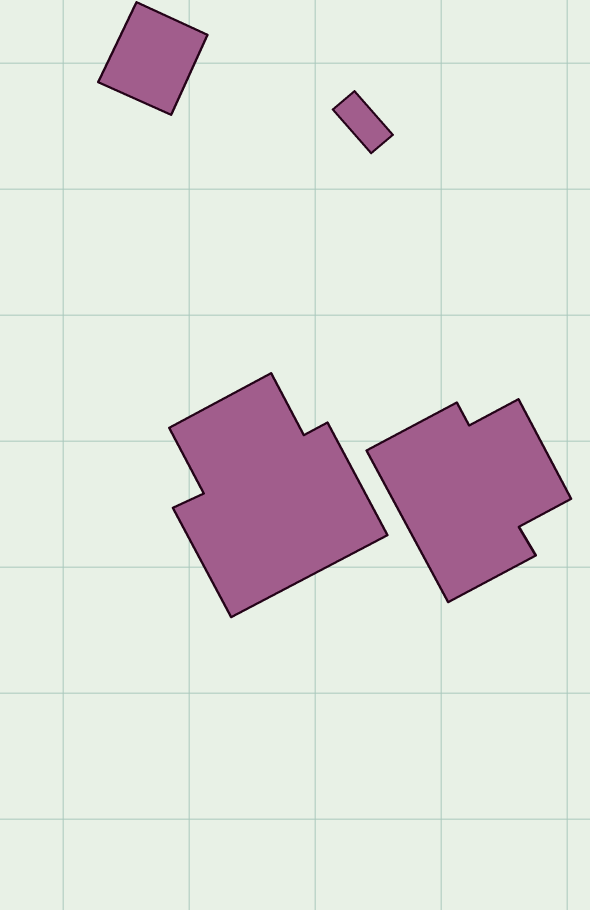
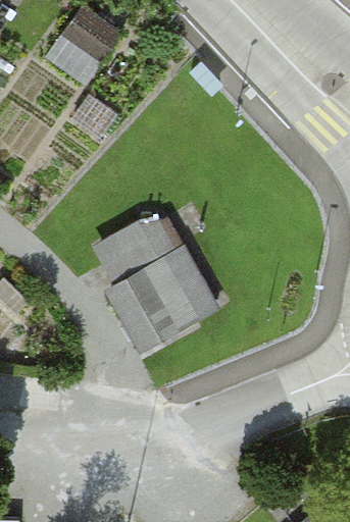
building: [367,399,571,602] -> none

